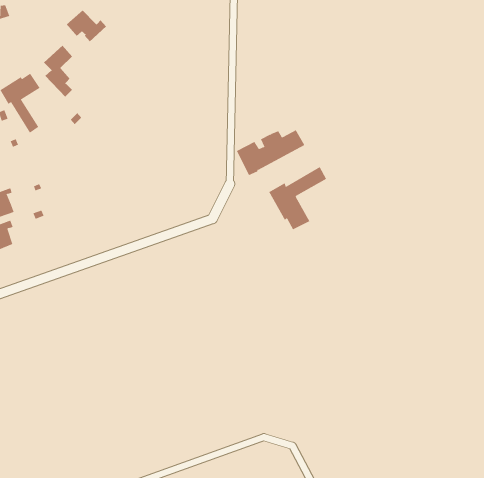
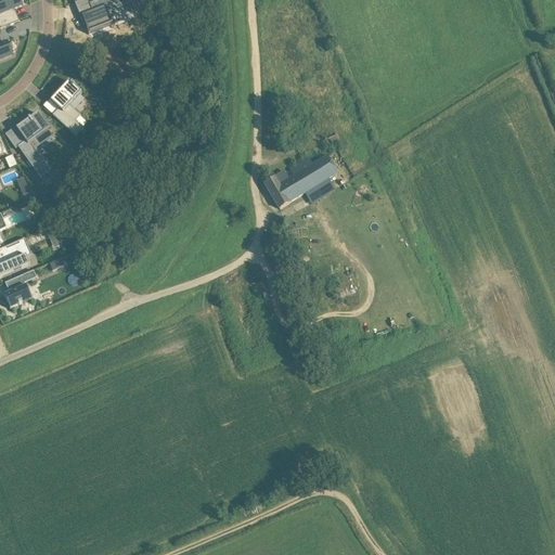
building: [66,10,107,42] -> none
building: [269,166,327,230] -> none

